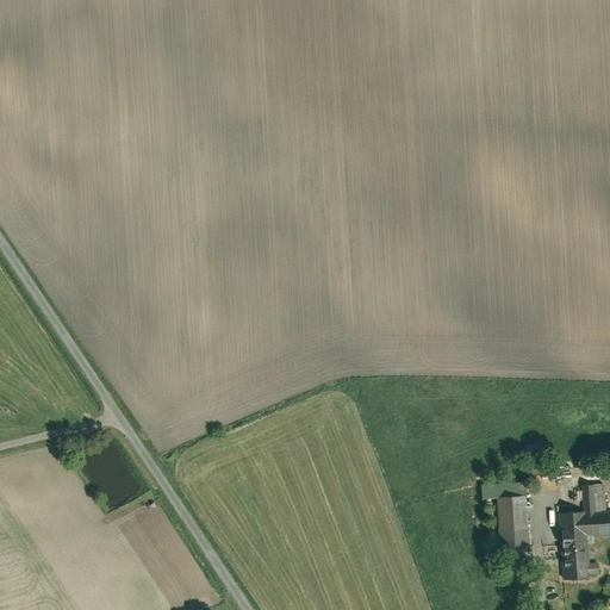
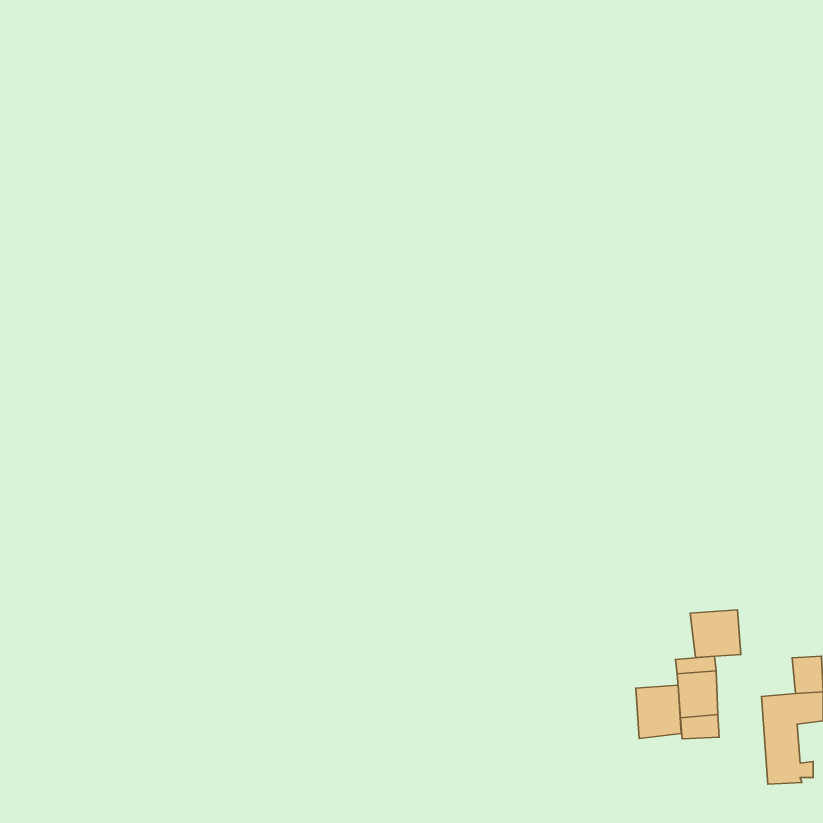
building: none -> [690,610,741,657]
building: none -> [636,685,681,739]

